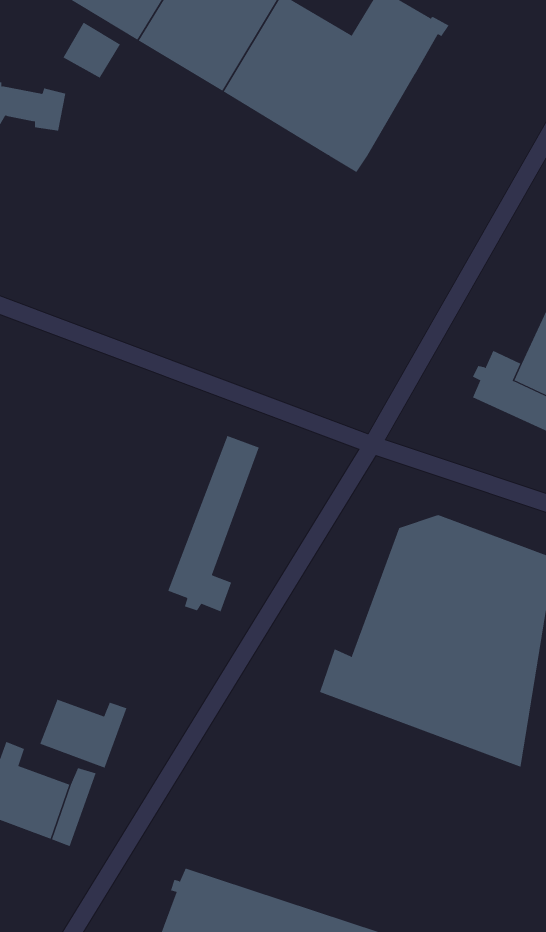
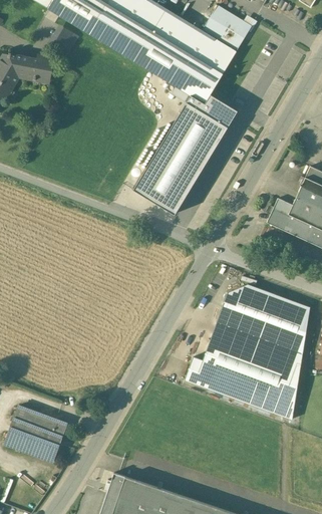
building: none -> [132,94,237,215]
building: [168,435,260,612] -> none
building: [39,699,127,768] -> none

